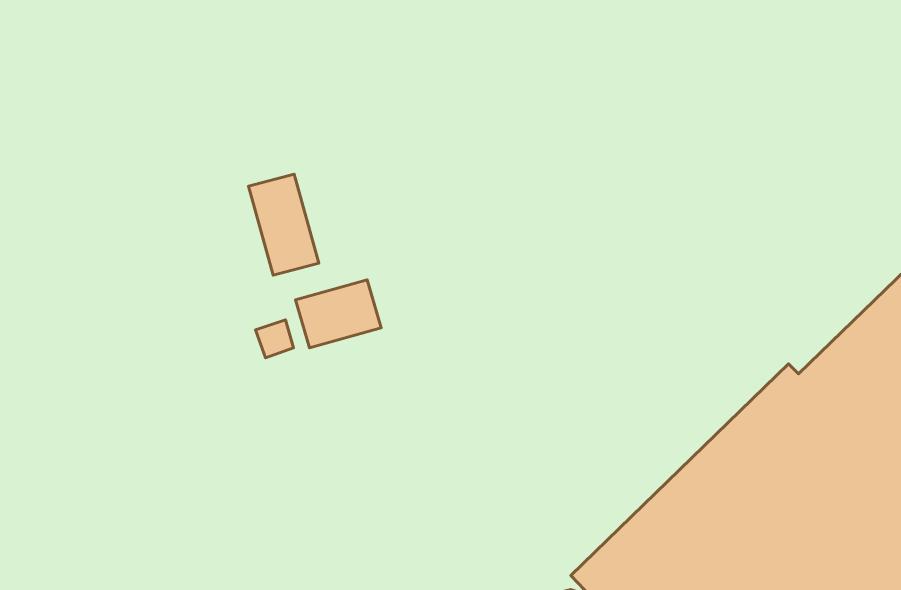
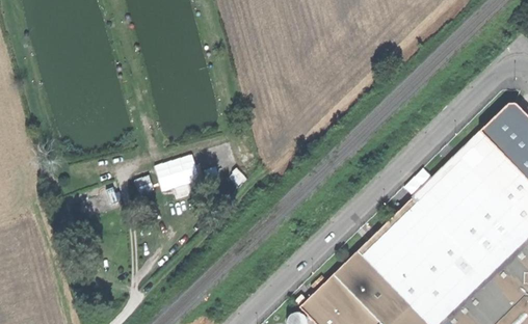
building: [249,174,319,275] -> none

